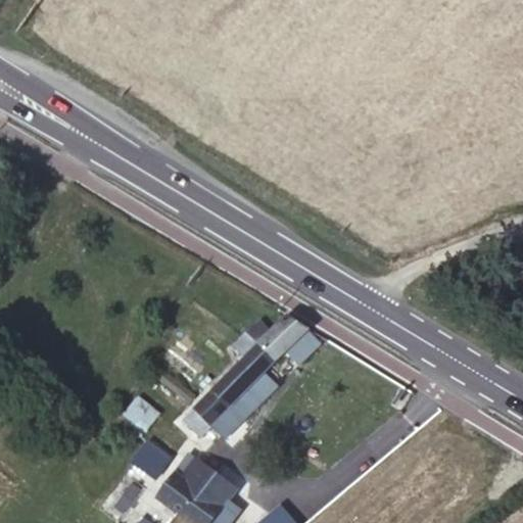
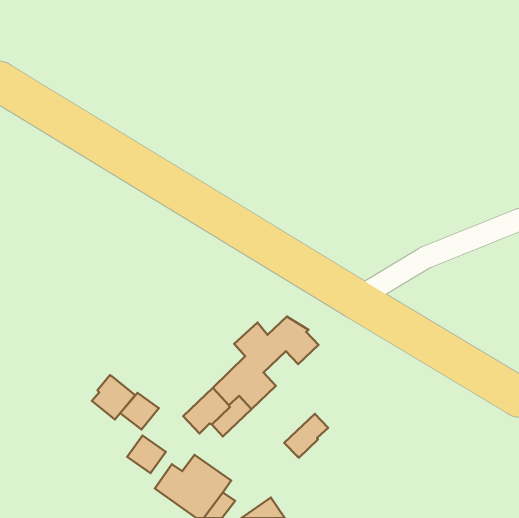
building: none -> [92,375,135,419]
building: none -> [284,414,328,457]

